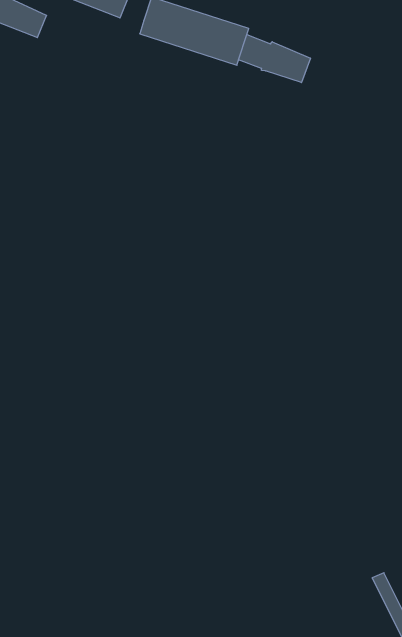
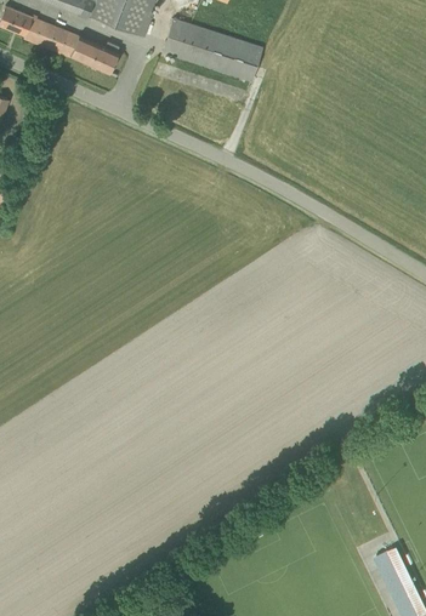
building: none -> [67,34,119,73]
building: [239,34,310,83] -> none

